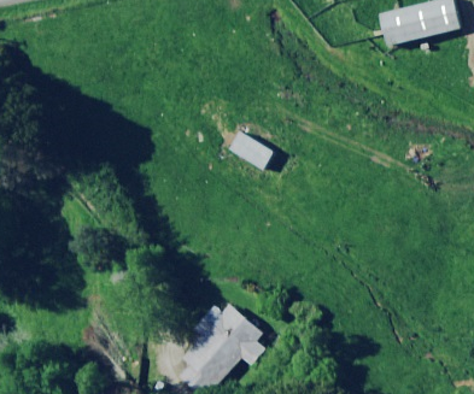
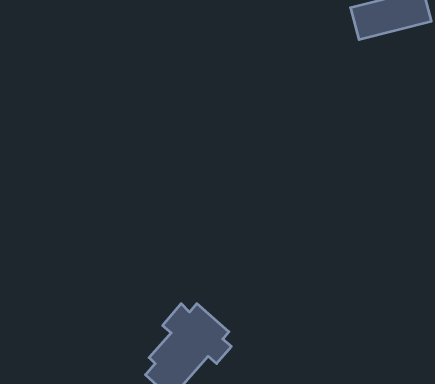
building: [230,131,273,169] -> none

